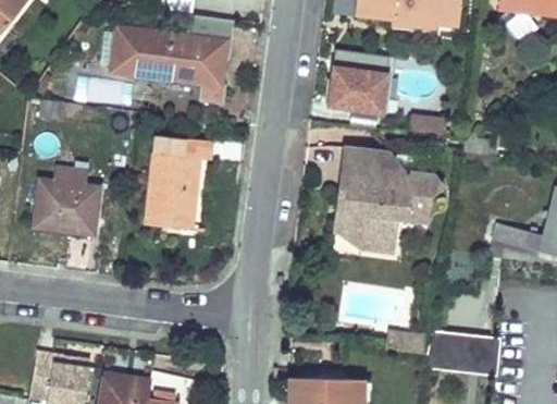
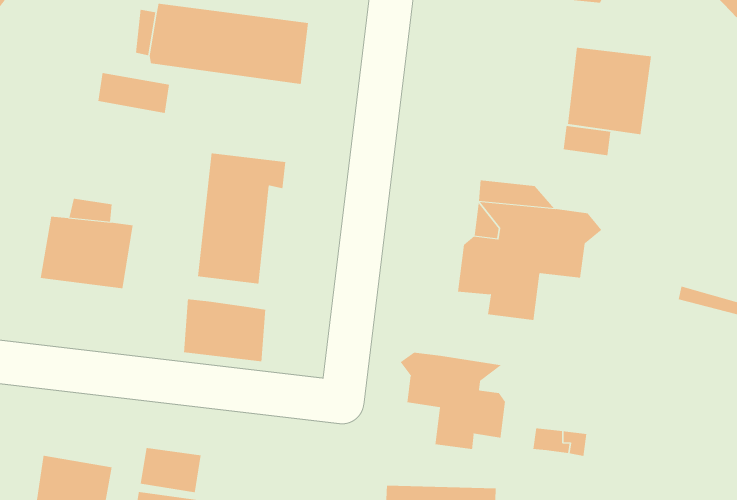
building: [330,49,391,112] -> [567,47,652,135]
building: none -> [183,298,266,362]
building: none -> [400,352,505,450]
building: [430,331,502,375] -> none

